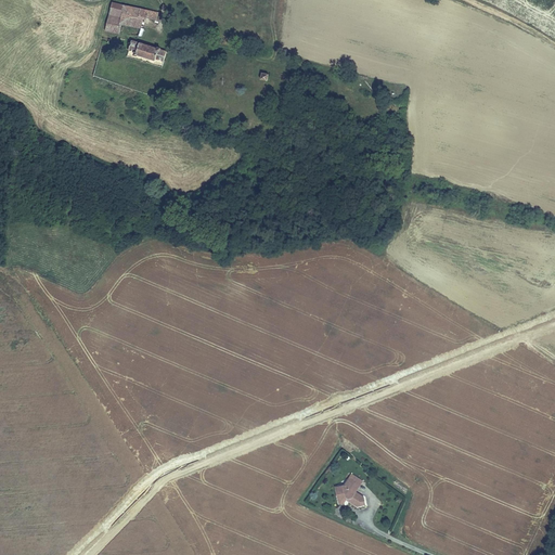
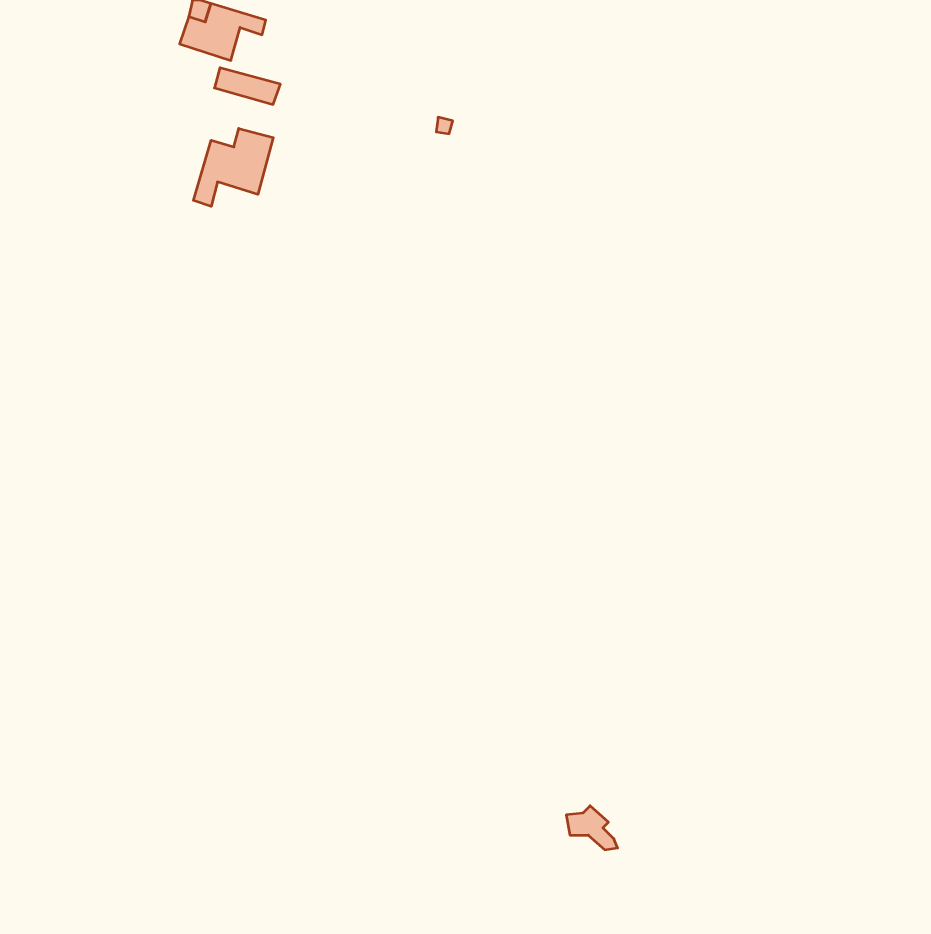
building: none -> [193,128,273,206]

